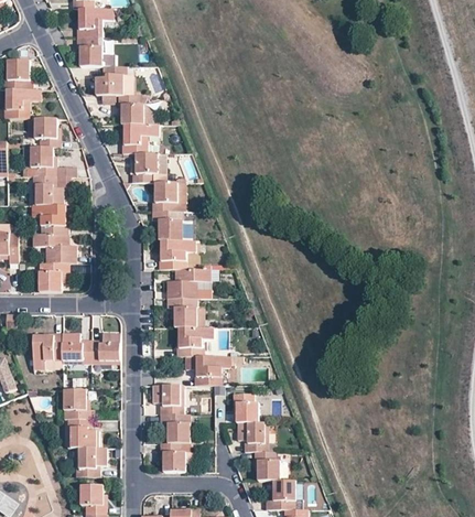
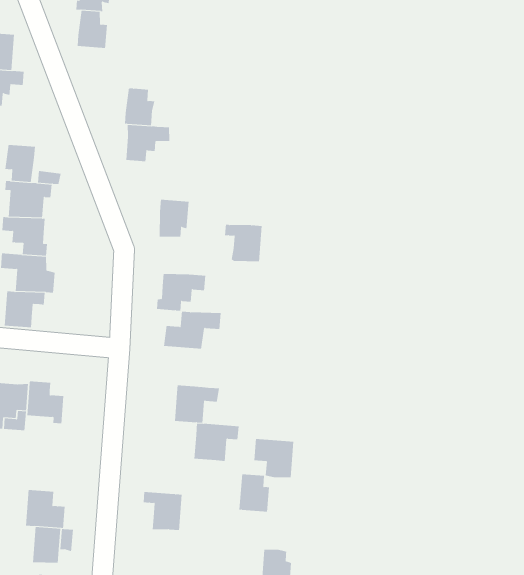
building: [96,66,123,96] -> none
building: [34,118,56,148] -> none
building: [131,153,158,182] -> none
building: [152,211,182,240] -> [224,224,263,262]
building: [165,298,196,327] -> none
building: [90,333,119,365] -> none
building: [152,385,180,413] -> none
building: [63,389,94,419] -> none
building: [237,422,268,452] -> [254,438,294,478]
building: [163,442,185,472] -> none

